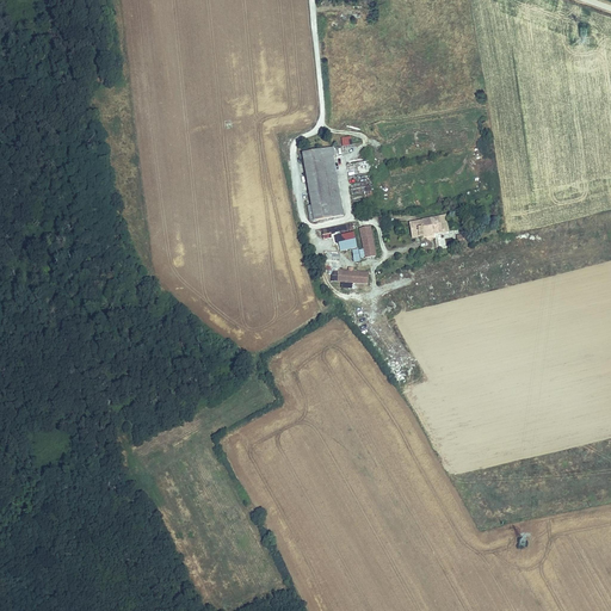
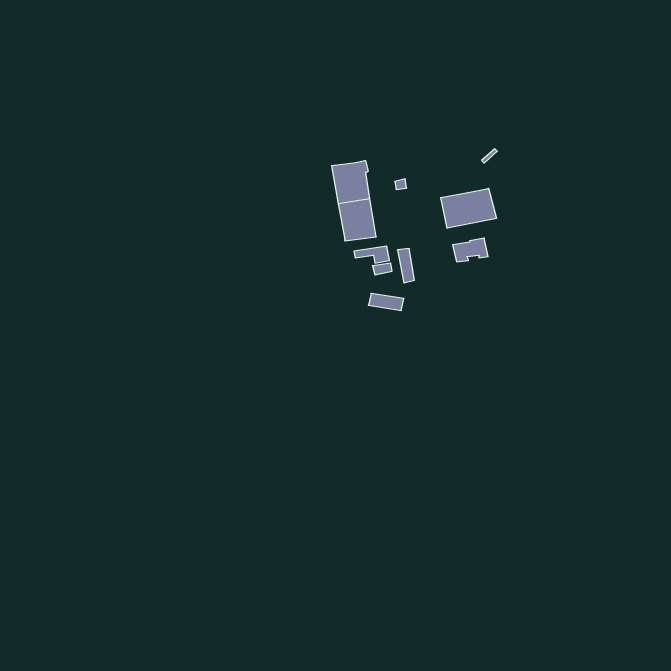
building: none -> [441,188,496,228]

